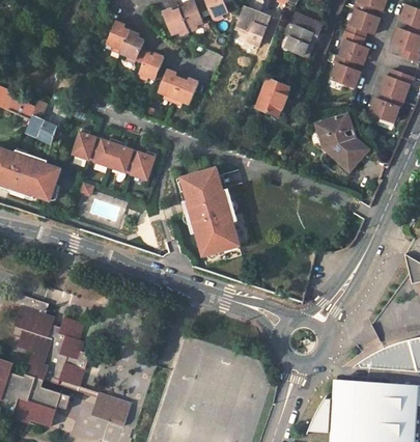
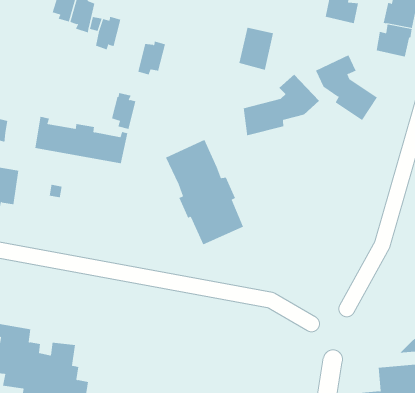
building: [156,70,178,102] -> [111,93,136,130]
building: none -> [243,74,320,136]

